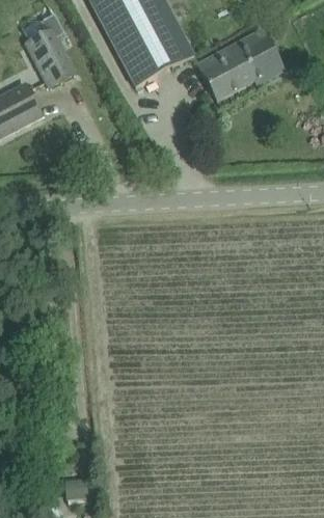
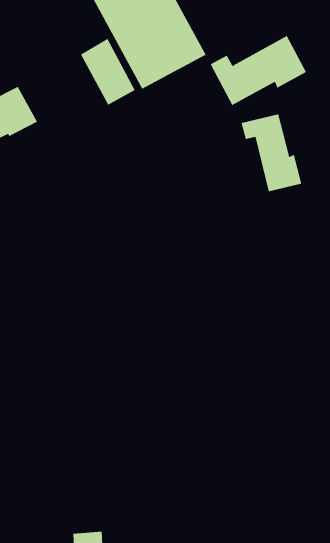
building: [26,24,76,84] -> [80,38,136,105]
building: none -> [241,113,302,192]

